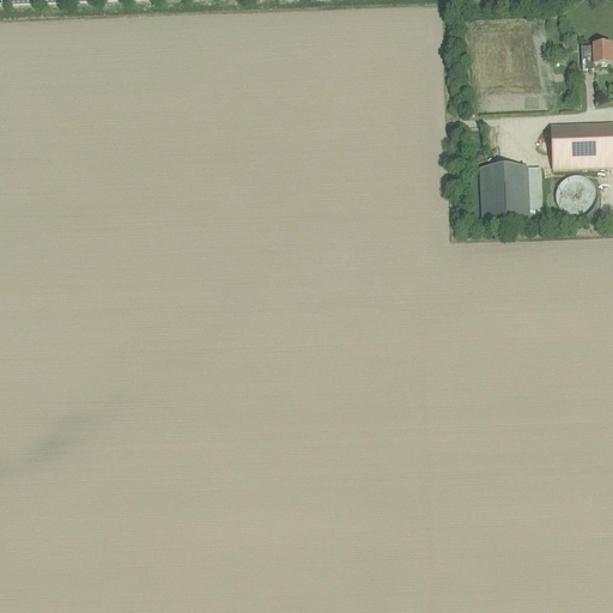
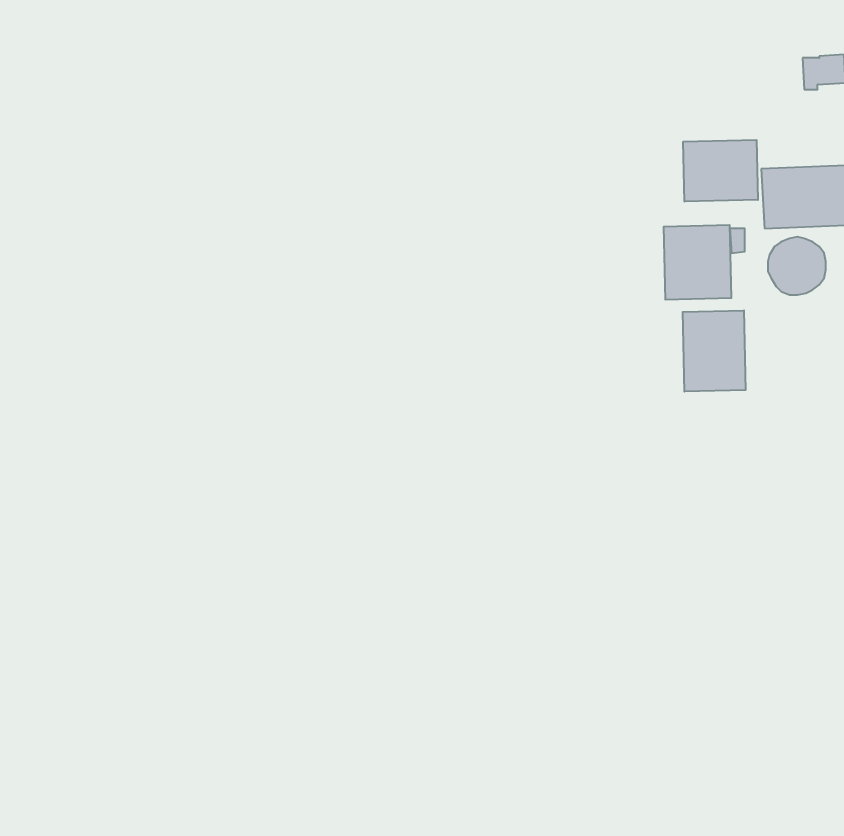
building: none -> [683,140,758,202]
building: none -> [683,310,746,392]

